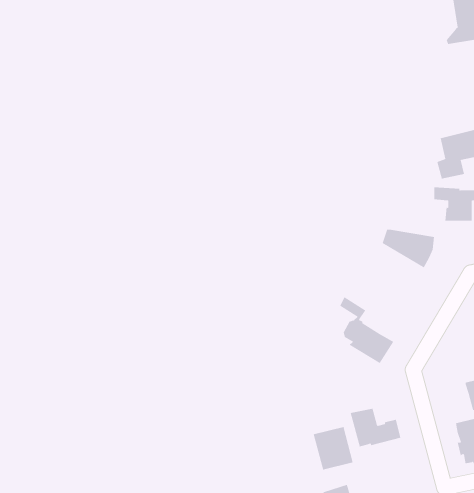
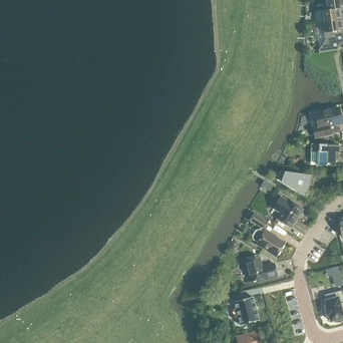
building: none -> [273,196,302,227]
building: [350,408,401,447] -> [244,256,277,281]

